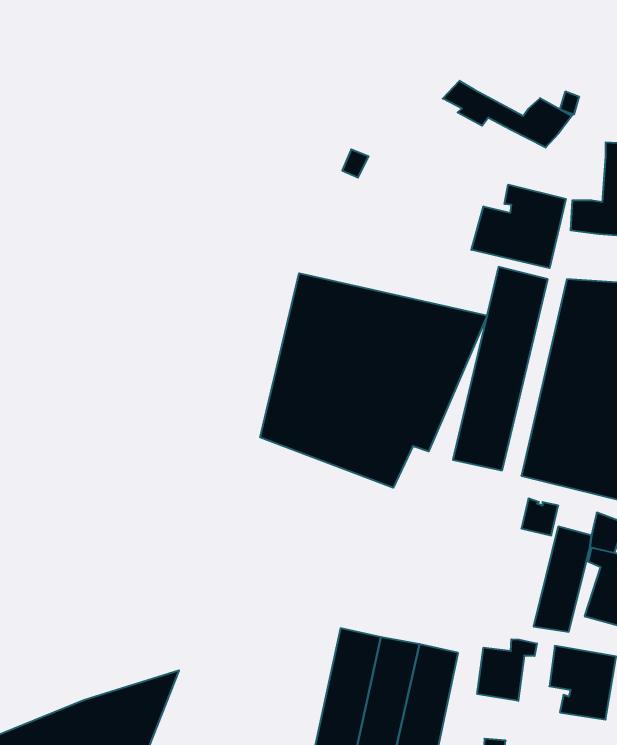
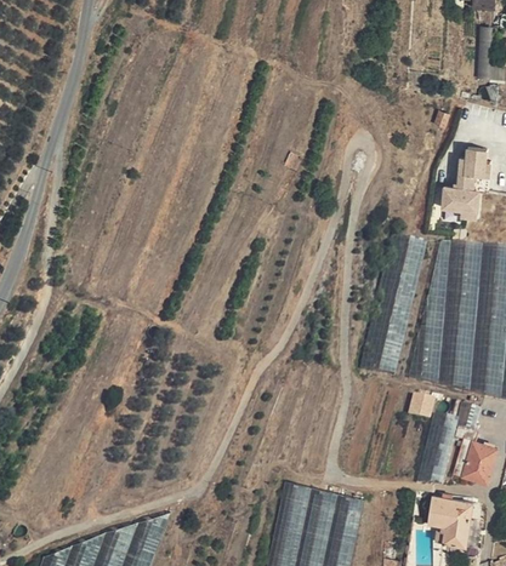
building: [443,81,572,148] -> none
building: [471,185,566,268] -> none
building: [260,273,487,488] -> none
building: [477,639,537,701] -> none

